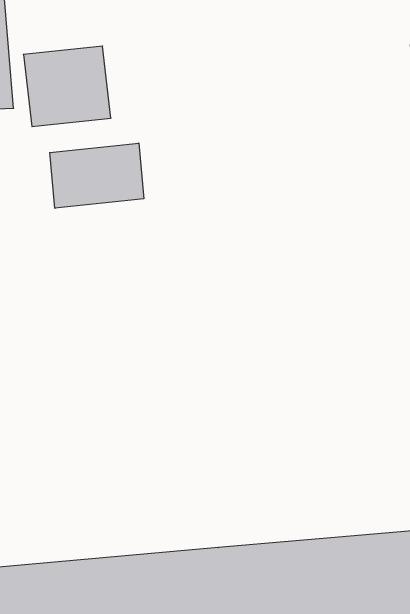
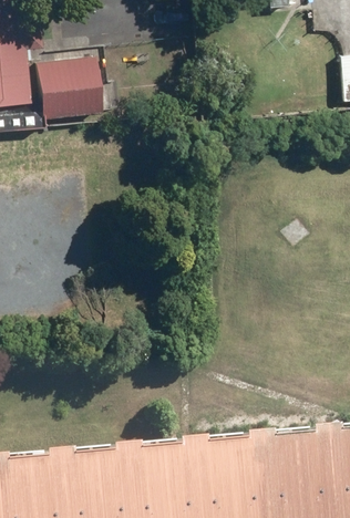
building: [50,143,144,208] -> none

